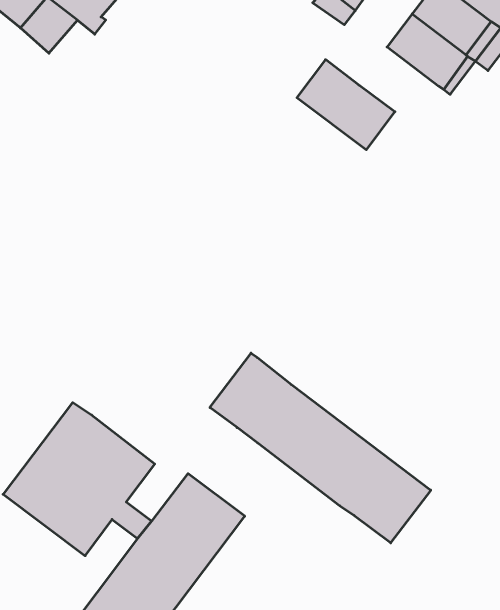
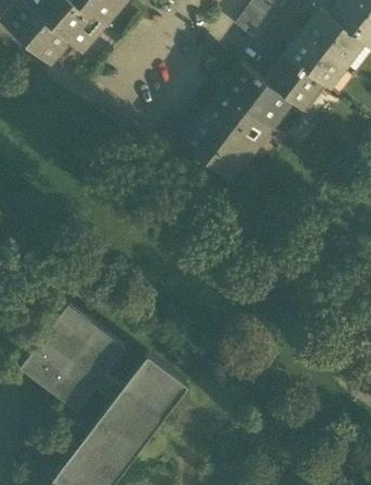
building: none -> [267,60,323,114]
building: none -> [185,95,273,183]
building: [210,353,431,543] -> none

